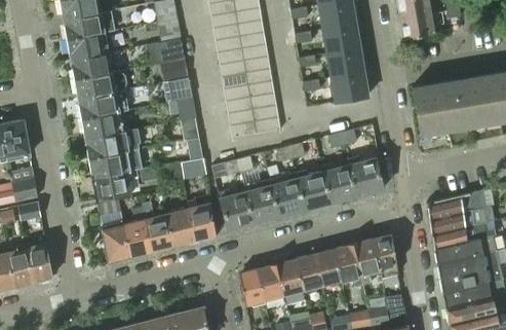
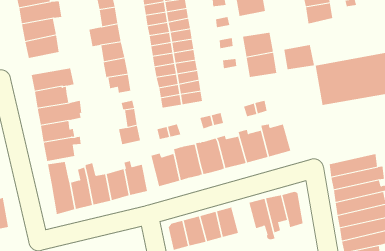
building: [322,24,359,53] -> [283,44,315,70]
building: [75,70,127,99] -> none
building: [314,249,342,285] -> none

